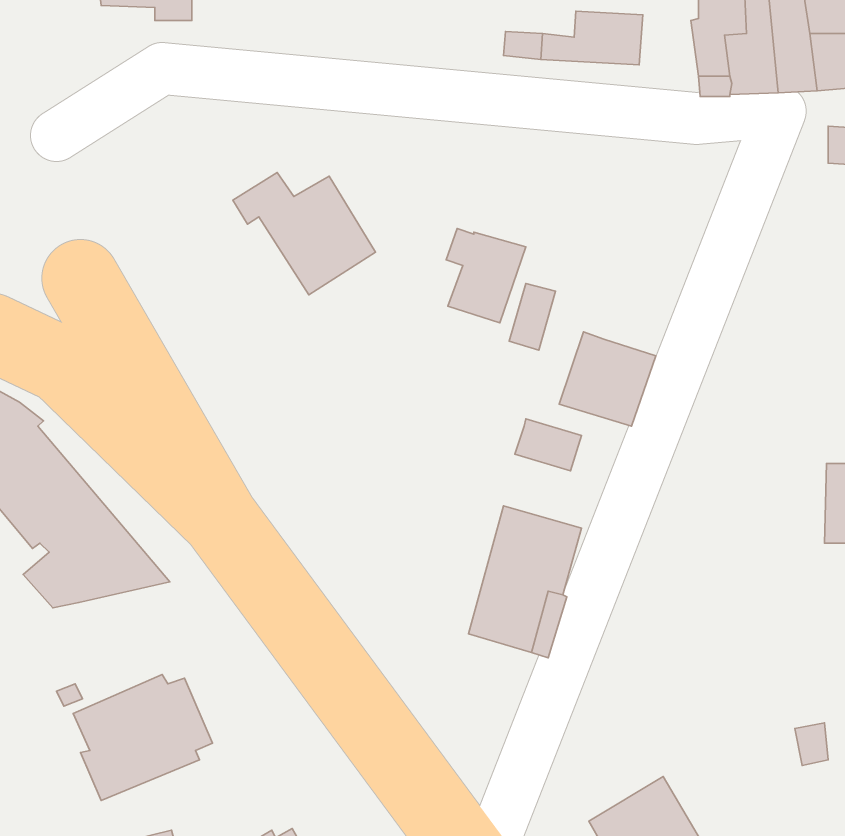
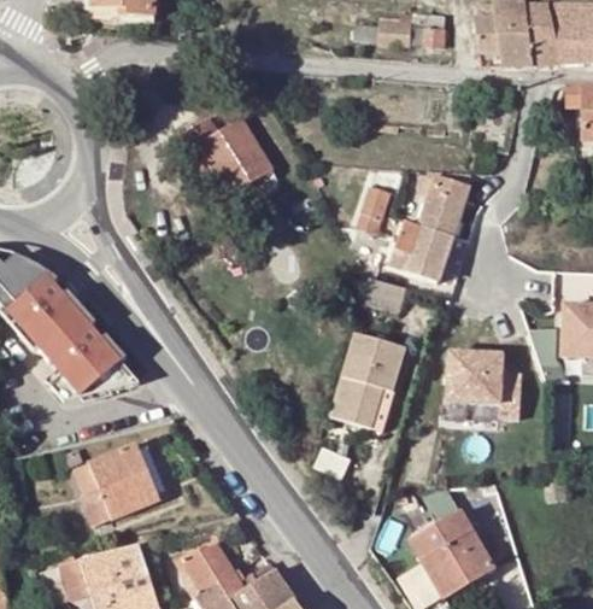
building: [446,228,526,323] -> [418,174,470,235]
building: none -> [448,353,522,420]

